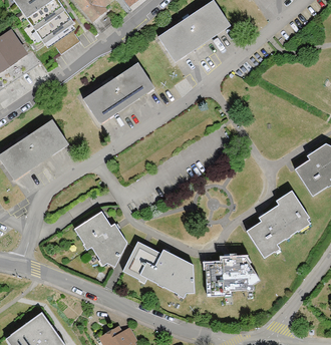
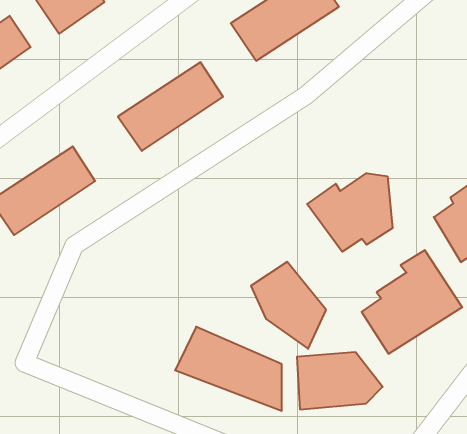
building: none -> [307,173,392,252]
building: [74,212,124,270] -> [251,262,326,349]

